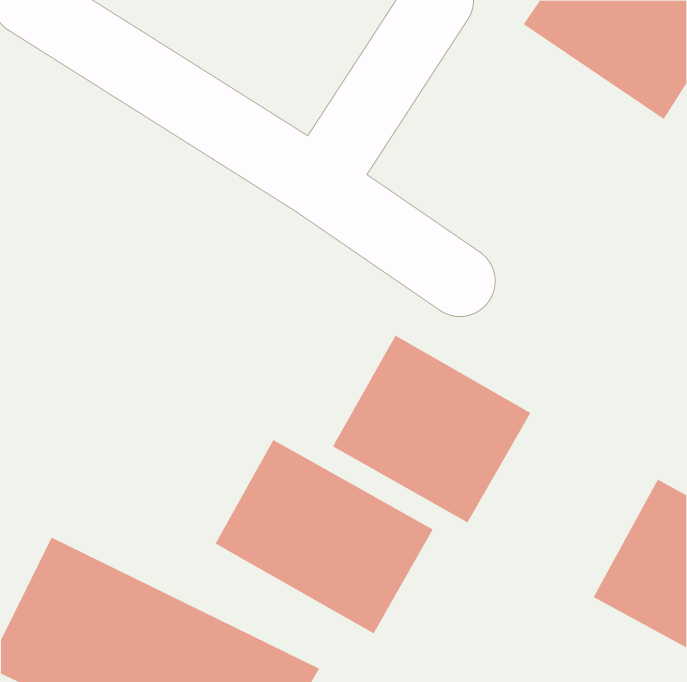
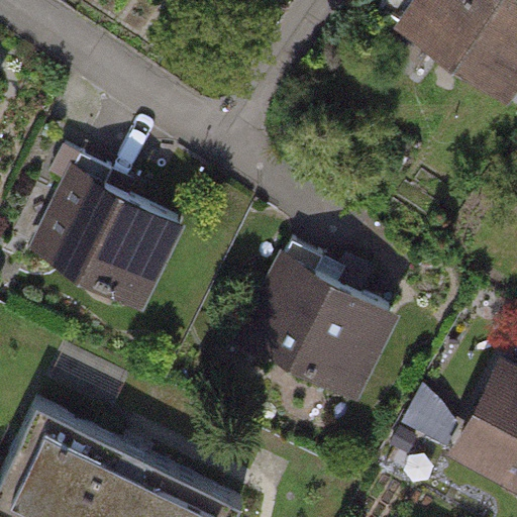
building: none -> [39,176,182,310]
building: [215,439,433,634] -> none

